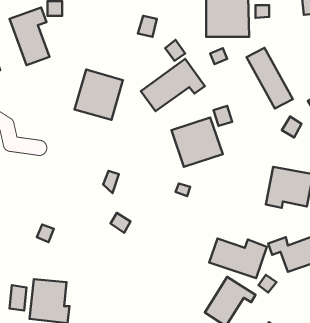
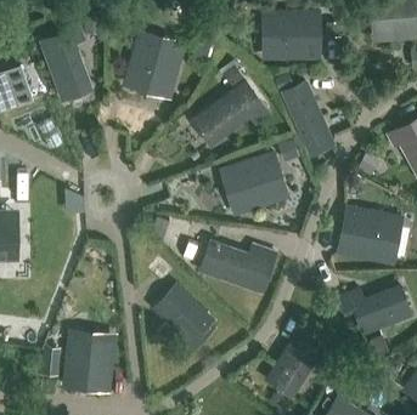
building: [247,48,293,109] -> [282,84,336,154]
building: [75,70,123,120] -> [128,33,184,91]
building: none -> [157,288,213,339]
building: [209,238,267,278] -> [209,246,276,292]

